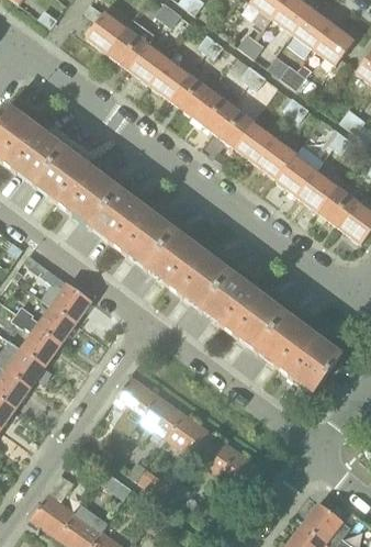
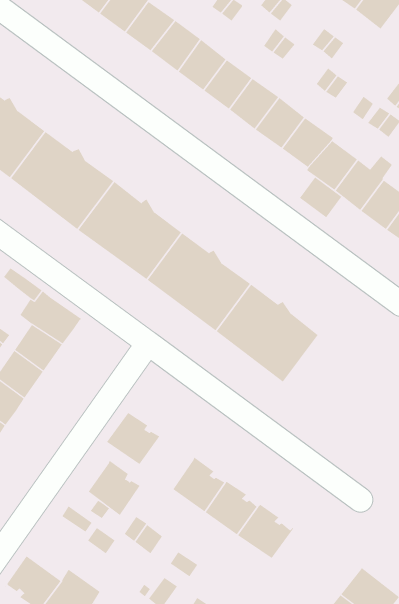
building: none -> [299,176,342,218]
building: [256,312,340,392] -> none
building: [139,392,182,437] -> [88,460,141,516]

